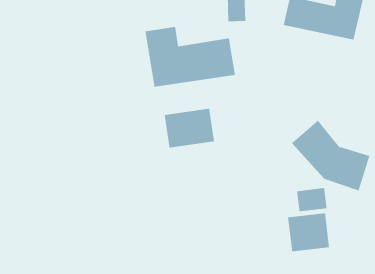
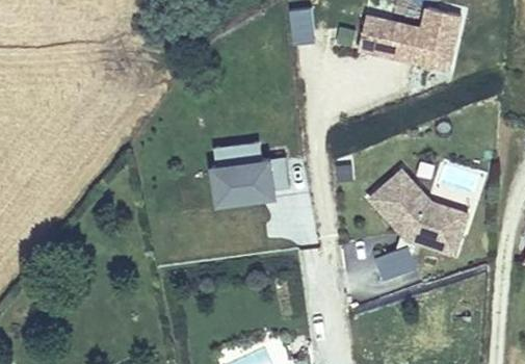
building: [145,26,235,87] -> none
building: [288,213,329,252] -> none

